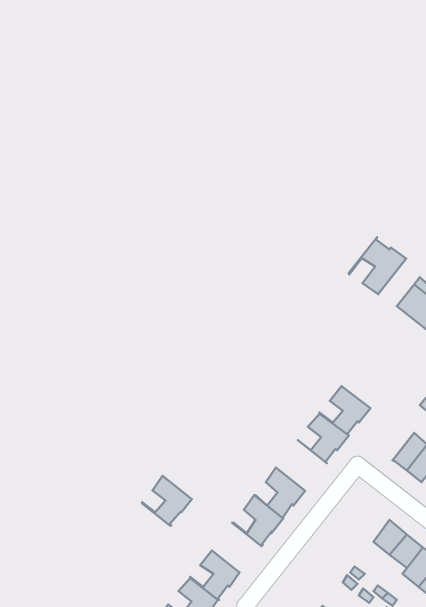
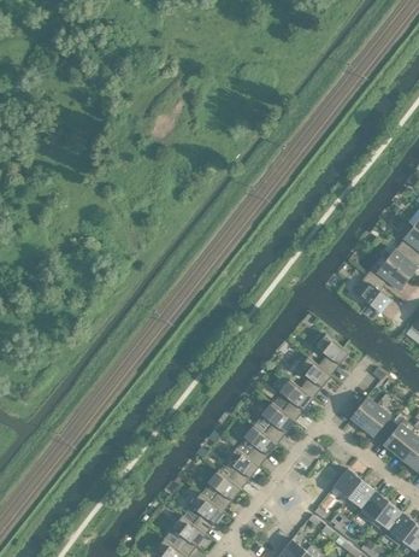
building: [349,237,406,294] -> none
building: none -> [307,334,349,375]
building: none -> [253,401,295,444]
building: [142,476,192,525] -> [200,470,241,511]

